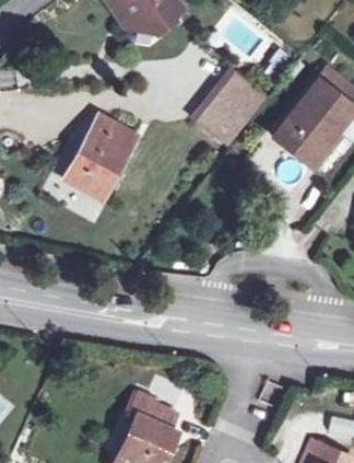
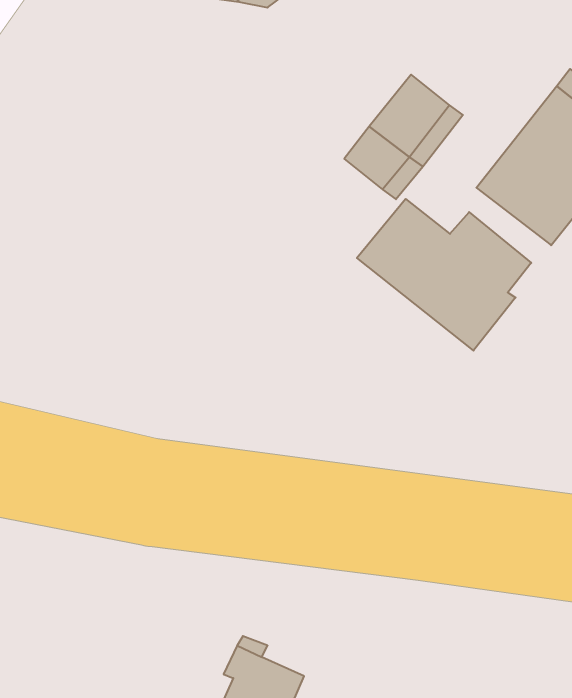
building: [67,116,137,199] -> none
building: none -> [357,199,531,351]

